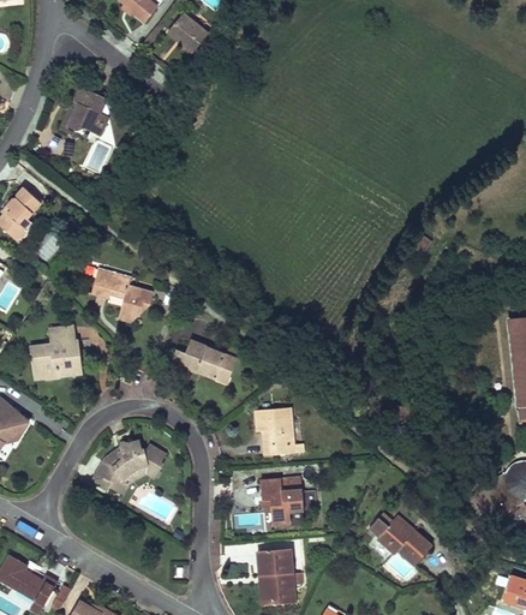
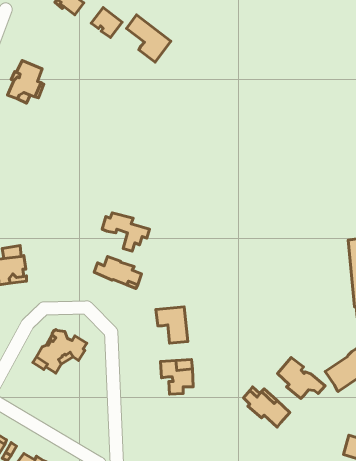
building: none -> [126,15,171,62]
building: [91,271,154,322] -> [102,213,149,251]
building: none -> [278,357,325,399]
building: [257,549,294,605] -> none

